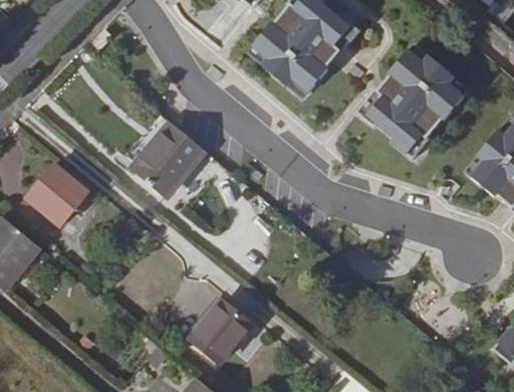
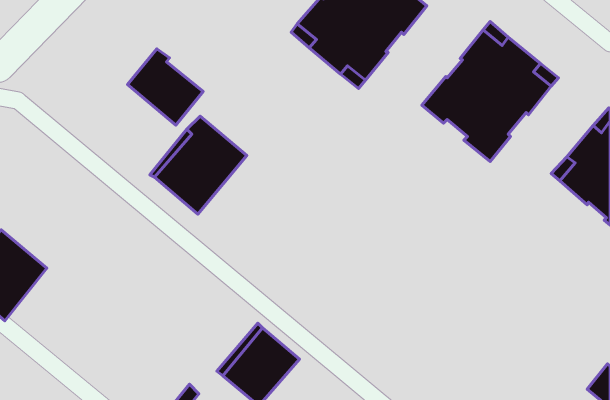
building: none -> [127,49,203,125]
building: [26,164,89,228] -> none

